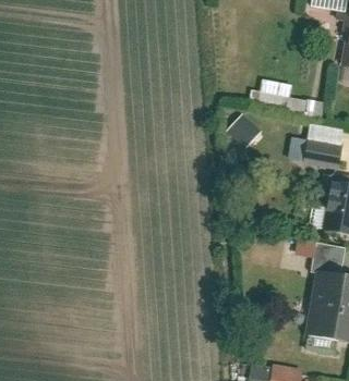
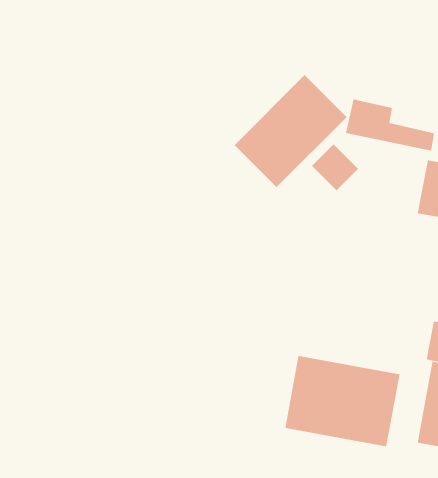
building: none -> [234,74,347,188]
building: none -> [285,355,400,447]

